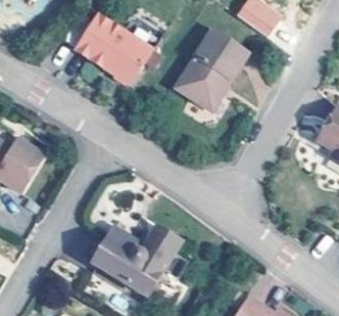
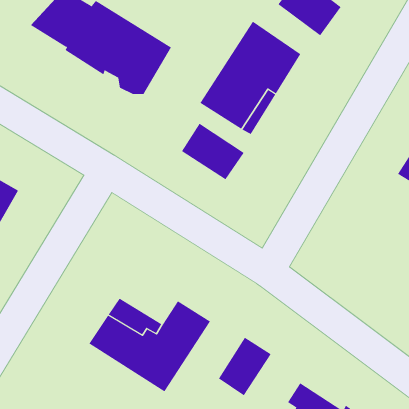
building: none -> [181,123,245,180]
building: none -> [218,337,271,396]

